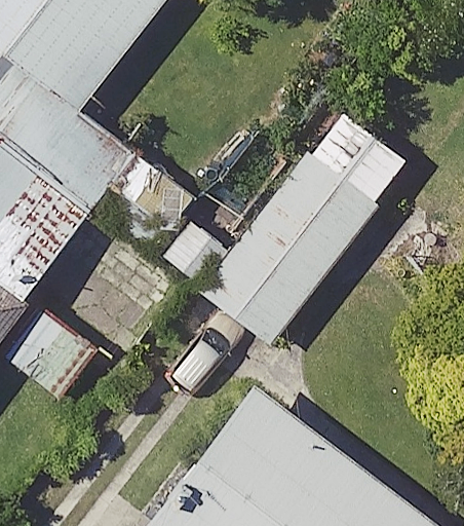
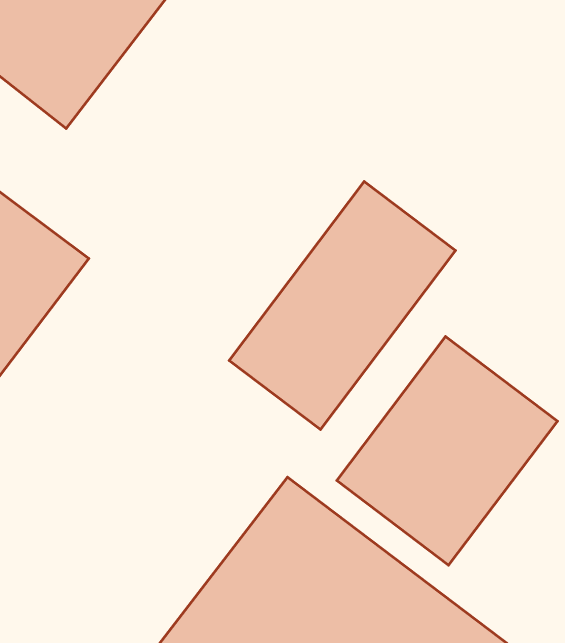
building: none -> [337,336,557,565]

